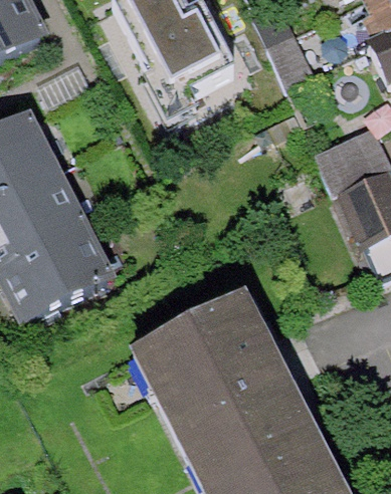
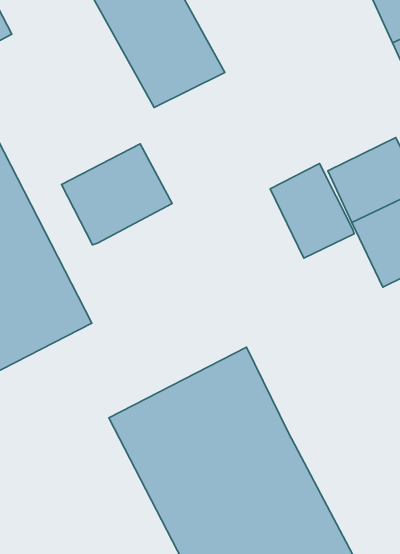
building: none -> [61,144,172,245]
building: none -> [270,164,354,258]

